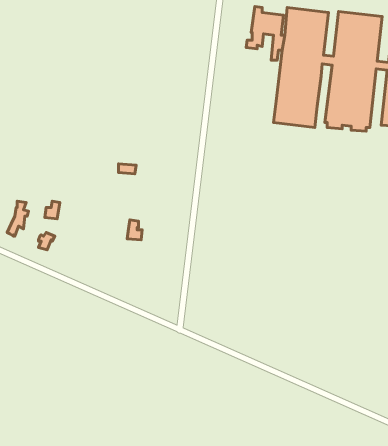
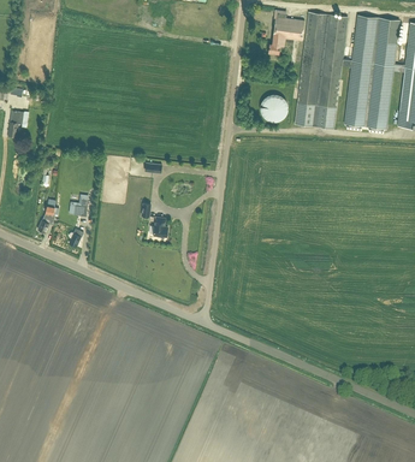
building: none -> [260,93,287,122]

